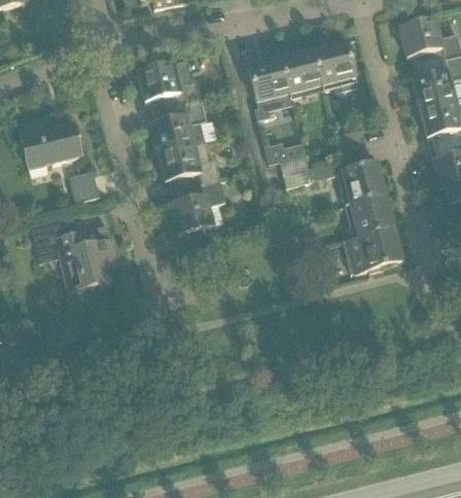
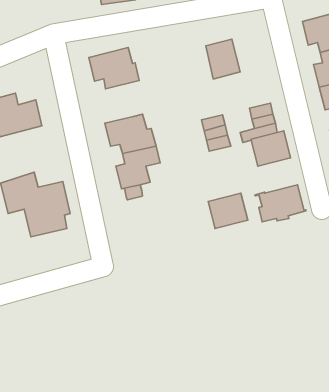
building: [313,41,357,92] -> none
building: [248,54,292,119] -> none
building: [151,100,205,152] -> none
building: [69,170,99,202] -> none
building: [345,194,393,238] -> [208,193,248,228]

